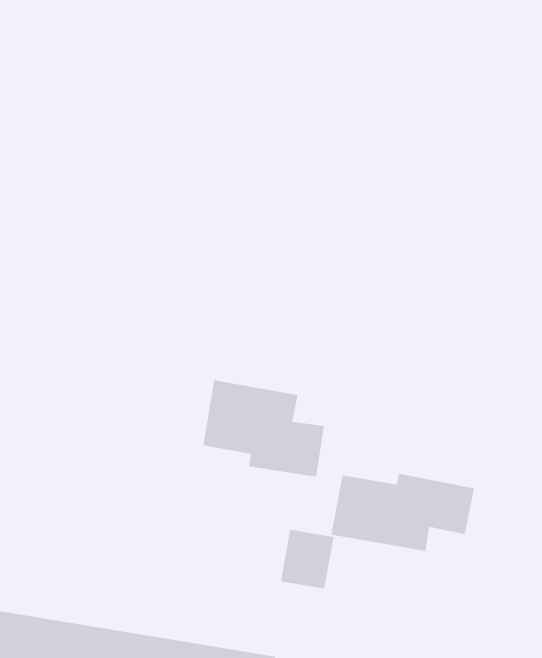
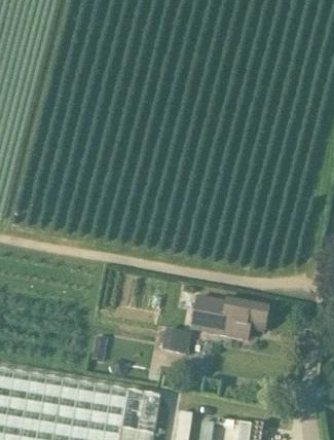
building: [203,380,325,477] -> none

